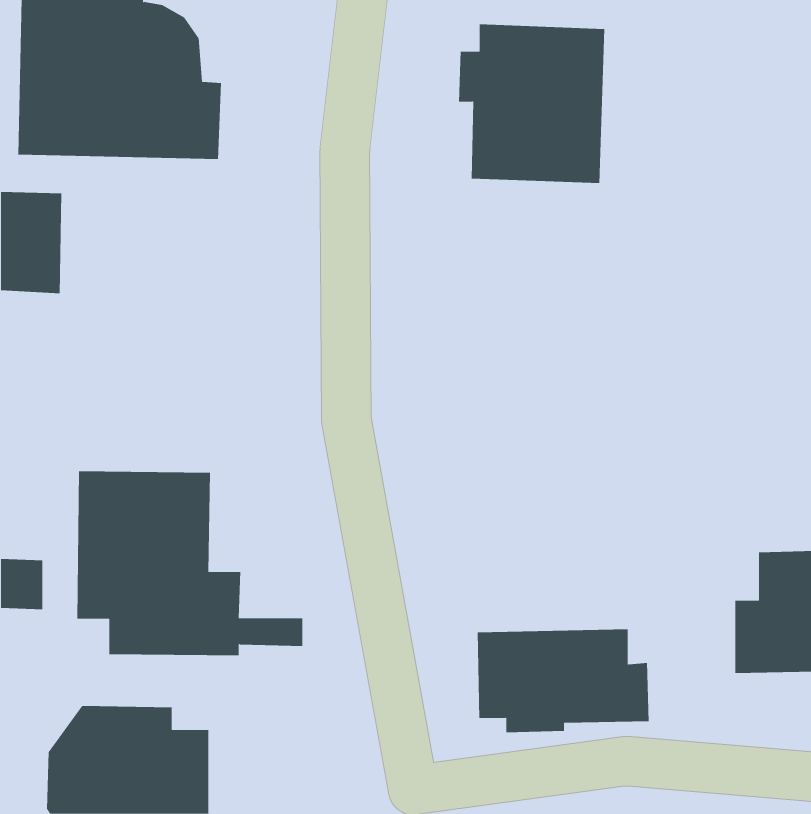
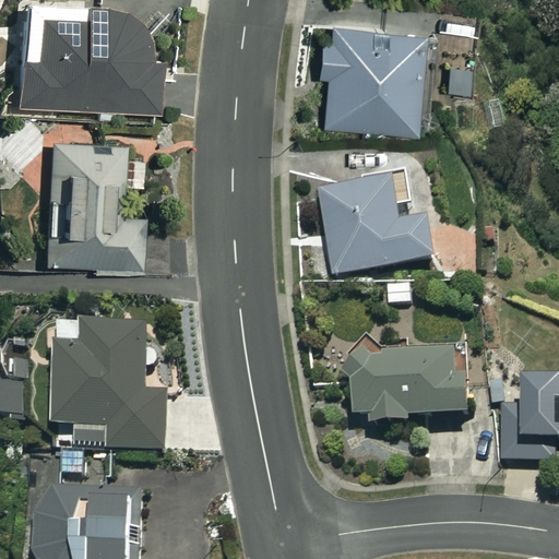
building: none -> [46,143,145,270]
building: none -> [323,179,437,275]
building: [477,629,649,733] -> [352,352,469,423]

